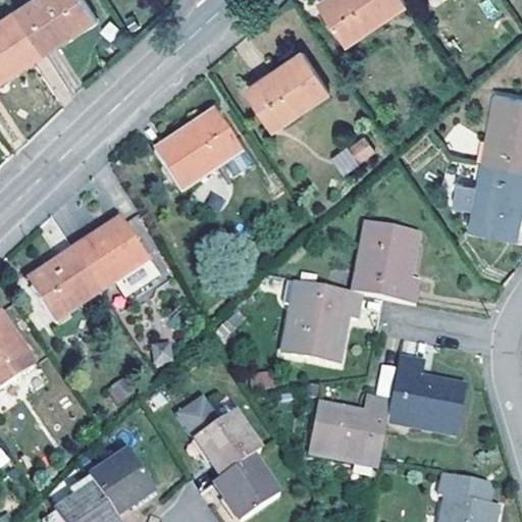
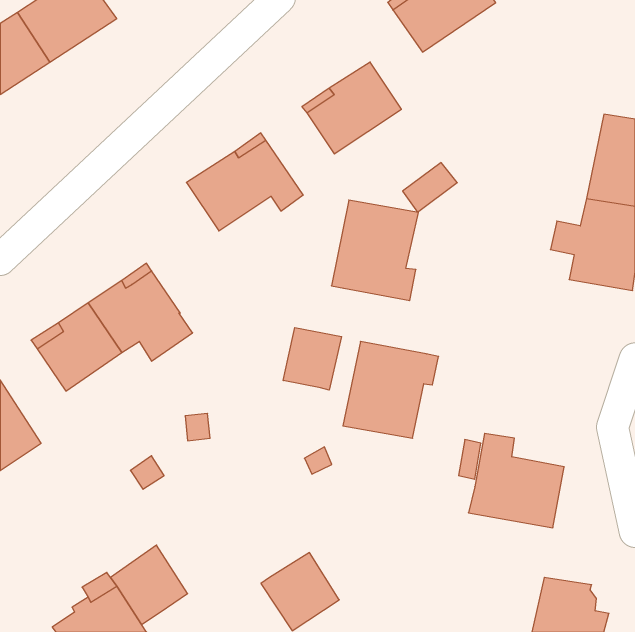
building: [350,220,421,303] -> [331,200,418,301]
building: none -> [283,328,342,390]
building: [181,393,262,474] -> none
building: [308,395,389,467] -> none

